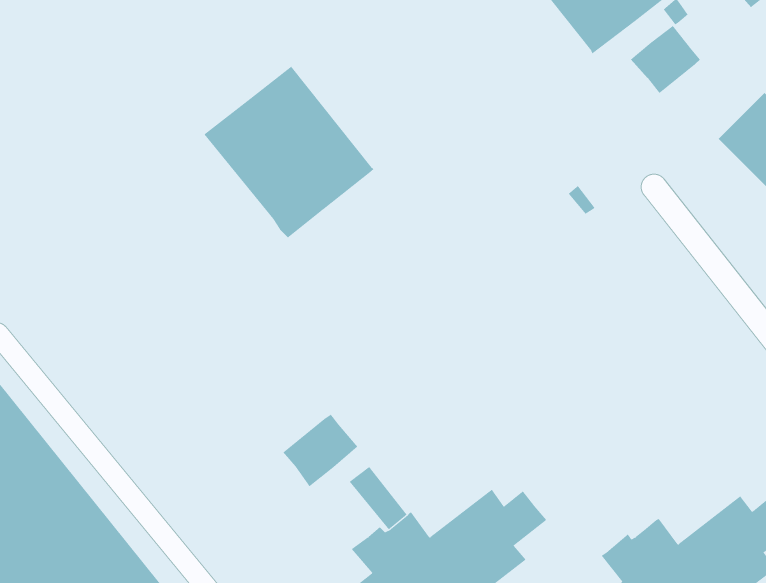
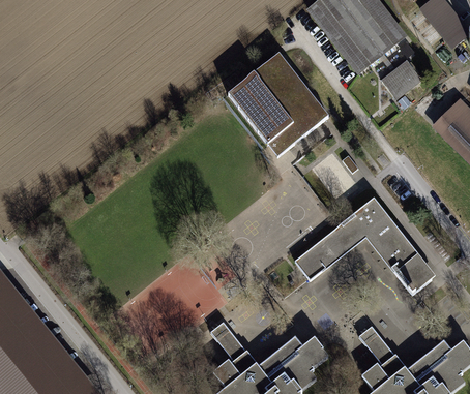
building: [203,66,374,238] -> [227,52,329,155]
building: none -> [293,196,436,294]
building: [283,414,358,487] -> none
building: none -> [359,325,394,364]

